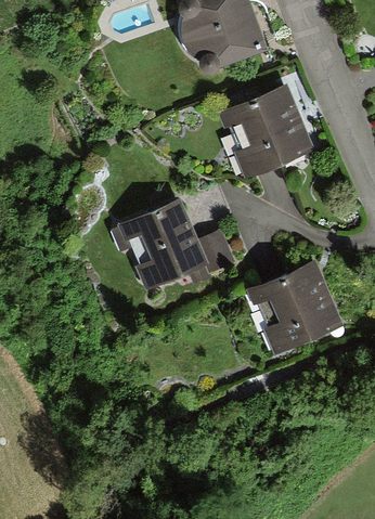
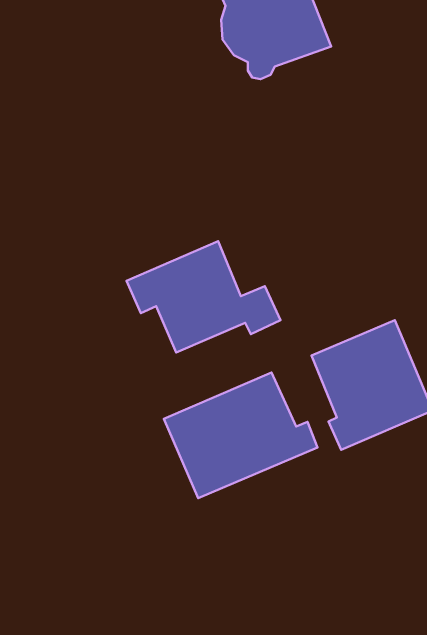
building: [217,83,311,174] -> none
building: none -> [164,372,318,498]

